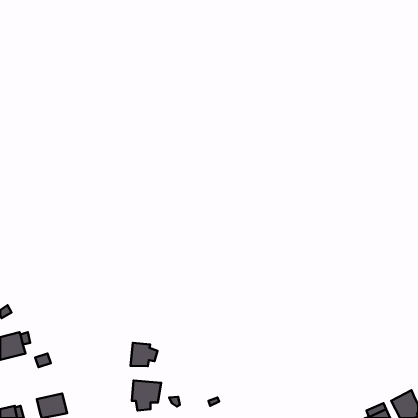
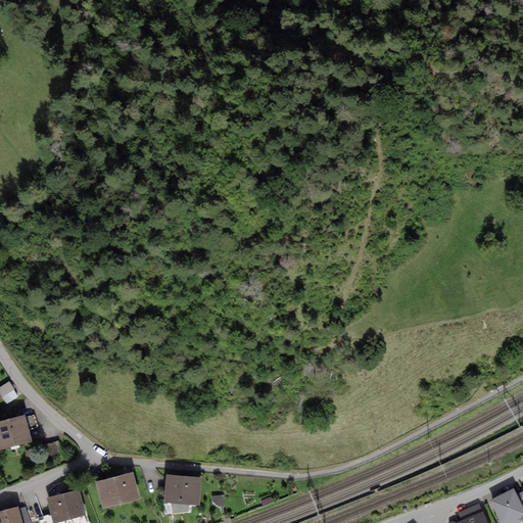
building: [131,343,158,366] -> none
building: none -> [95,474,138,510]

